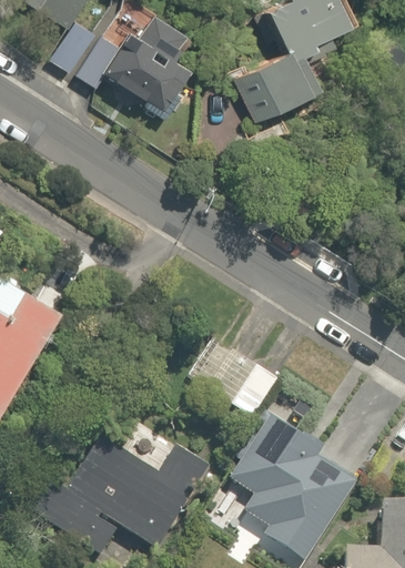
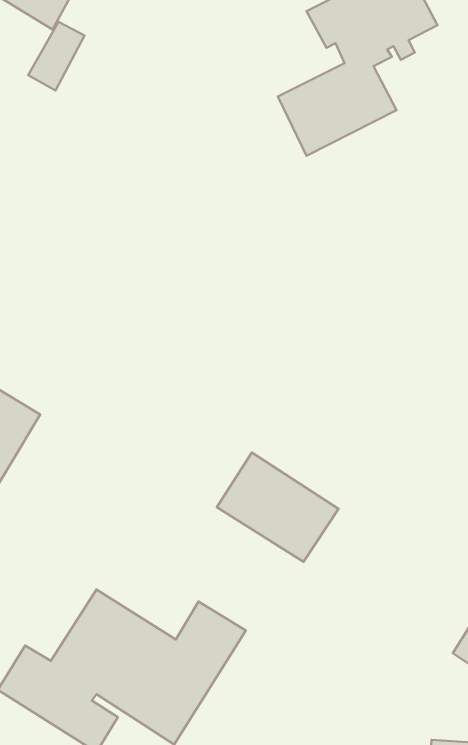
building: [79,14,191,119] -> none
building: [227,416,356,539] -> none

